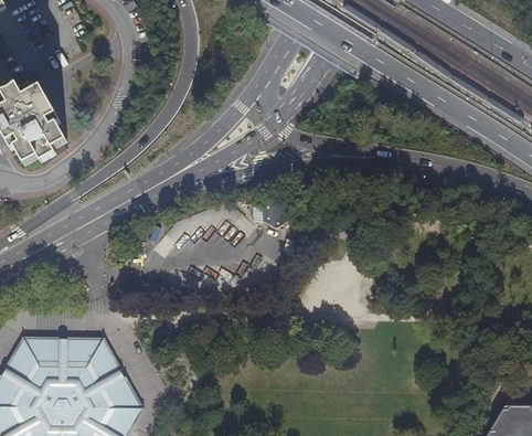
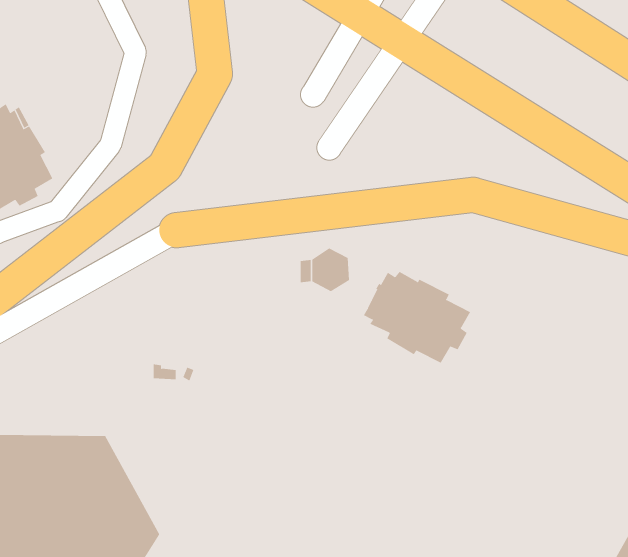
building: none -> [363,271,471,363]

